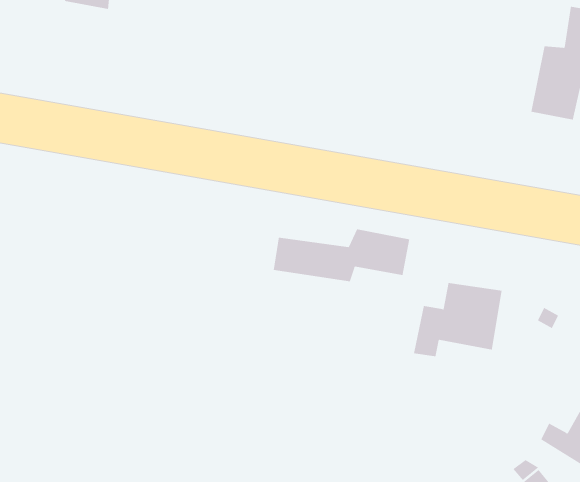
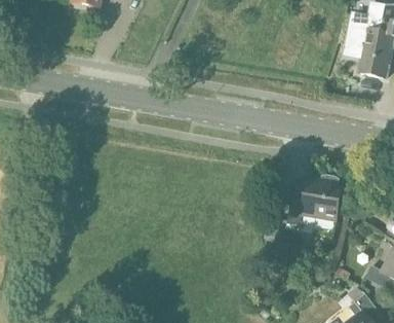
building: [273,229,410,282] -> none

